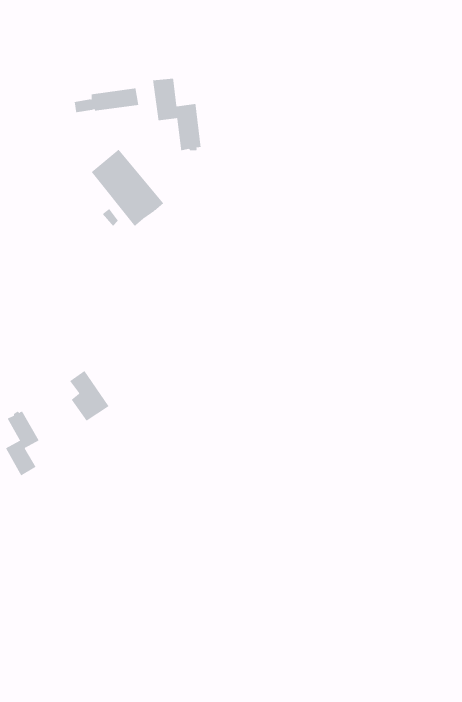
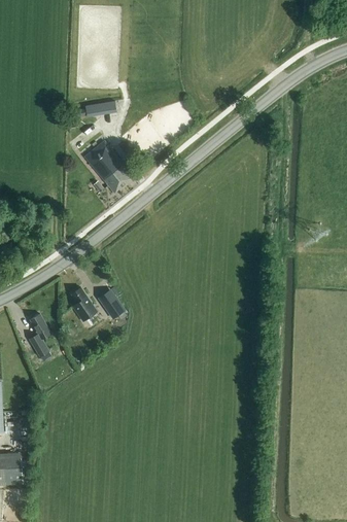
building: [152,78,201,151] -> none
building: none -> [98,289,125,318]

